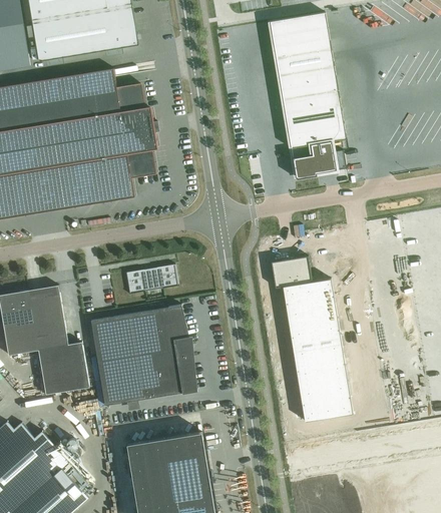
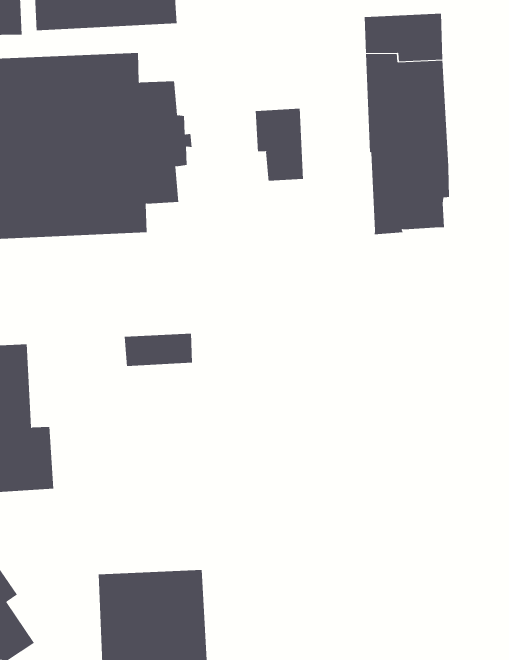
building: none -> [255,108,303,181]
building: [270,254,352,421] -> none
building: [90,305,194,404] -> none

